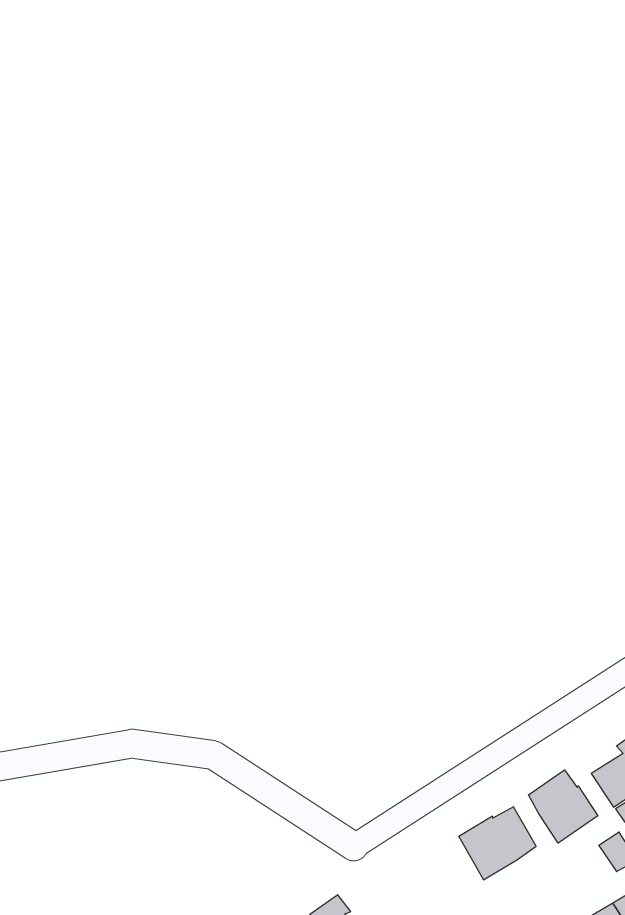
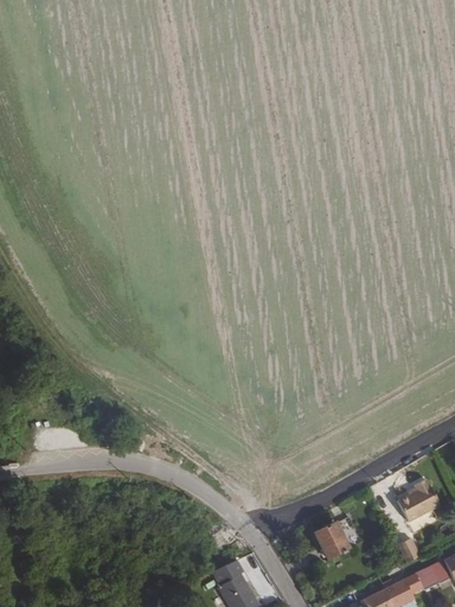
building: [528,770,598,843] -> none

